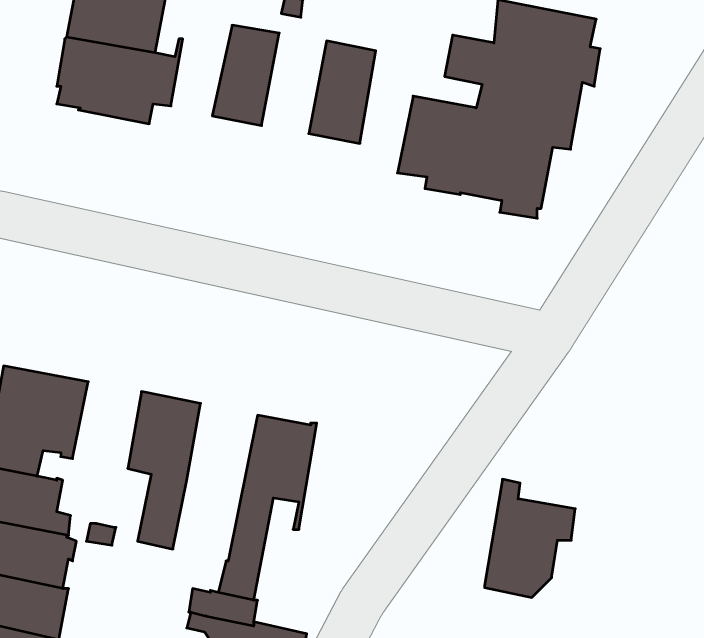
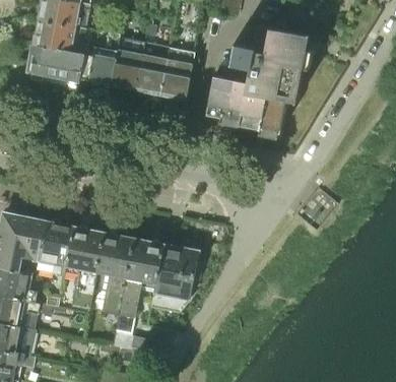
building: none -> [88,30,120,83]
building: none -> [135,40,169,92]
building: none -> [37,220,73,273]
building: none -> [96,232,133,313]
building: [485,479,575,597] -> [154,242,201,303]

